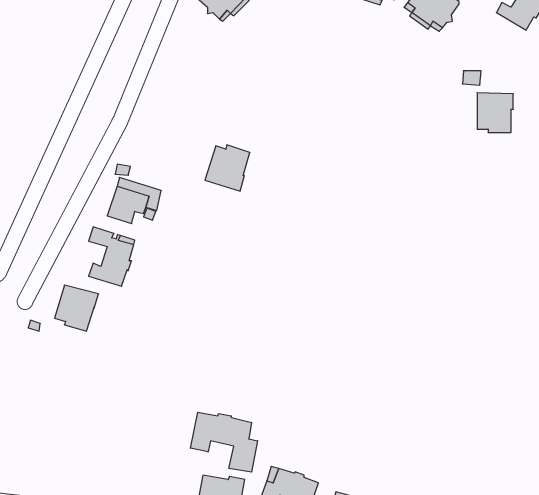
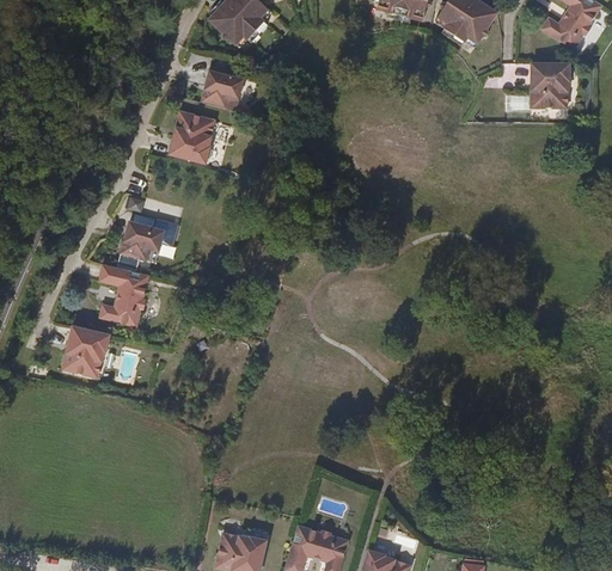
building: none -> [198,68,244,108]
building: [477,93,513,132] -> [532,63,571,106]
building: [205,145,250,191] -> [166,112,215,162]
building: [191,412,258,472] -> none

